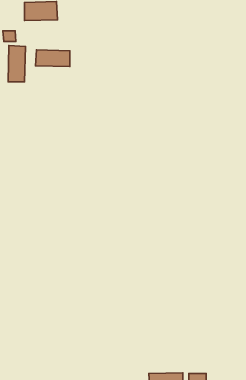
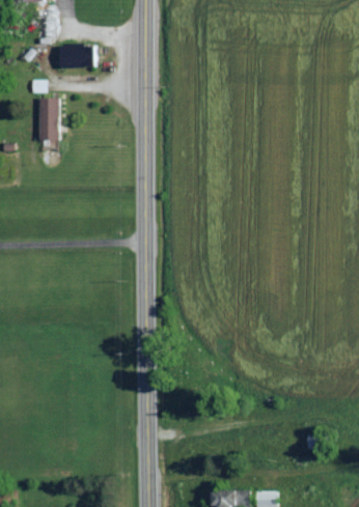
building: [36,50,70,67] -> none

